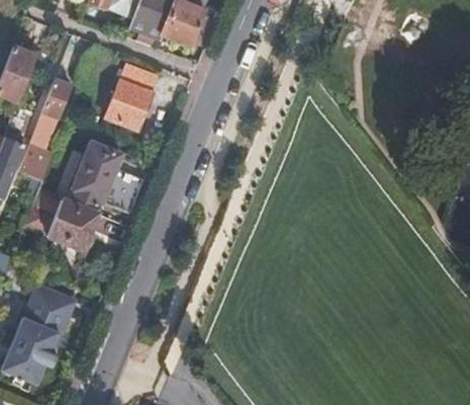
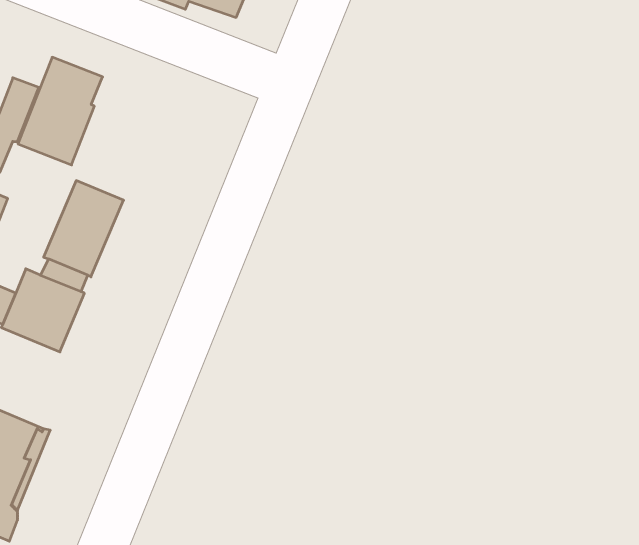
building: [105,63,158,130] -> [18,57,103,165]

